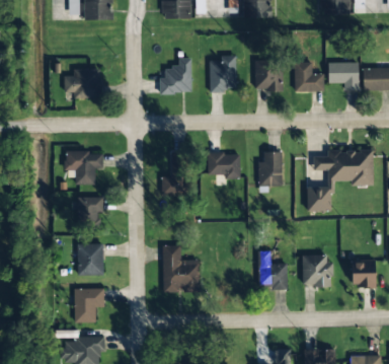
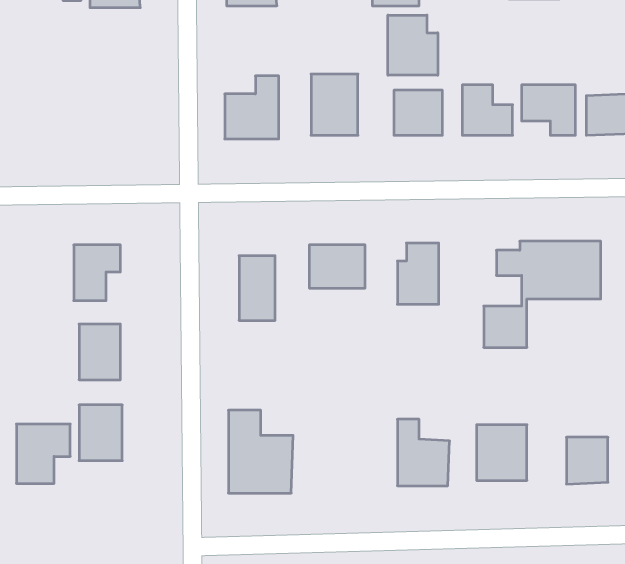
building: none -> [388,15,438,75]
building: [63,69,99,97] -> none
building: [75,289,105,322] -> [16,424,70,483]

